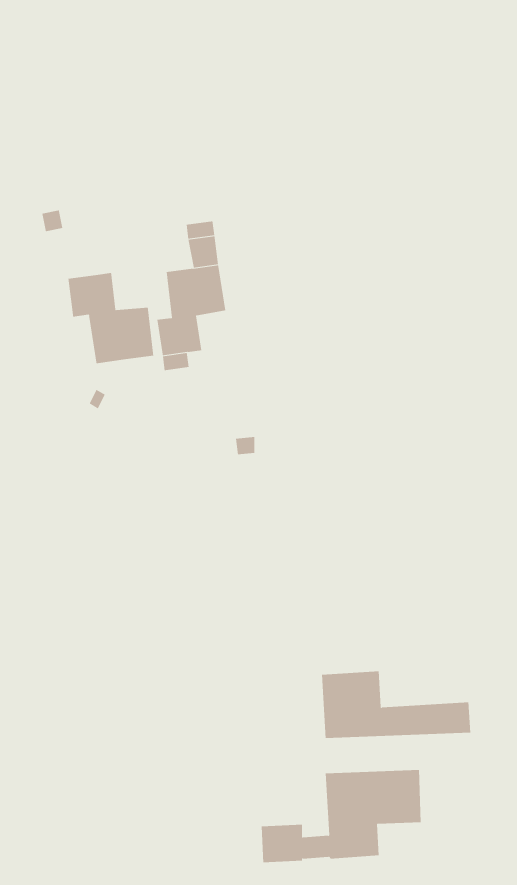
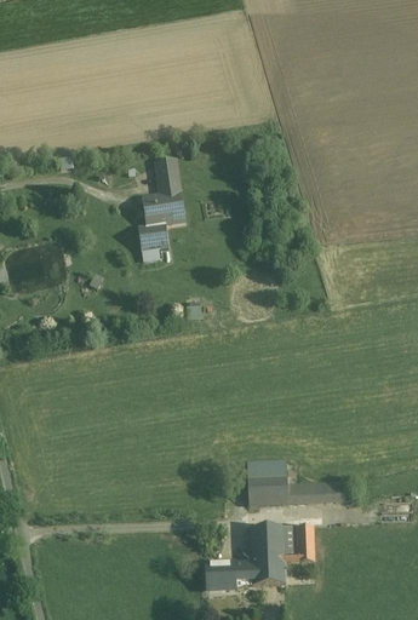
building: [68,272,154,364] -> none

